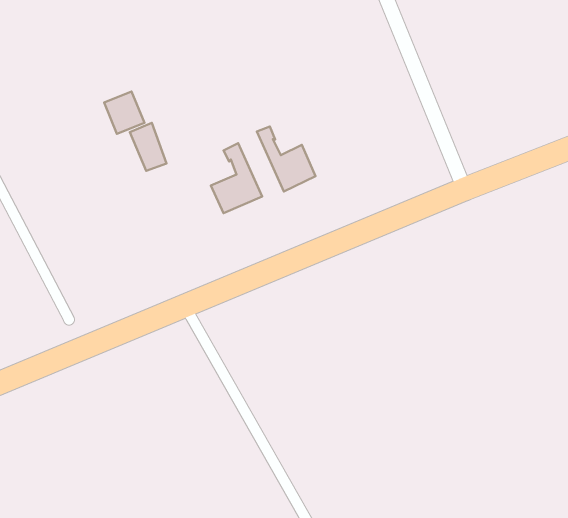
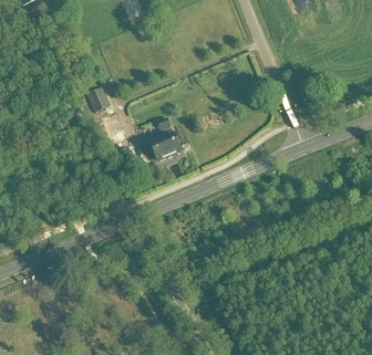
building: [257,127,315,191] -> none

